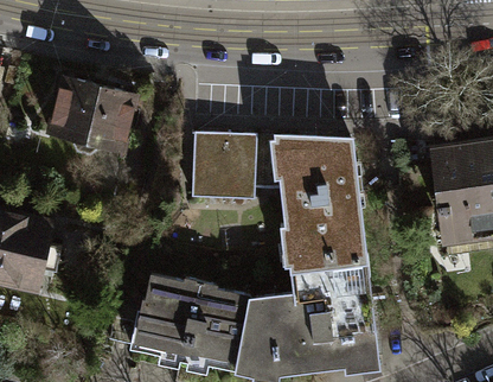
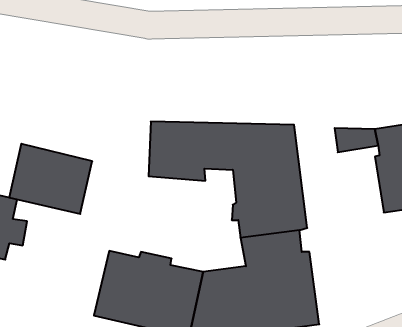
building: [46,77,136,153] -> [9,144,92,214]

